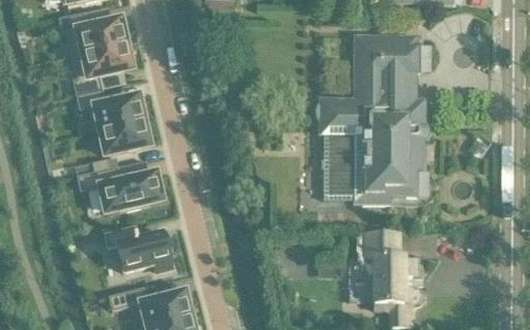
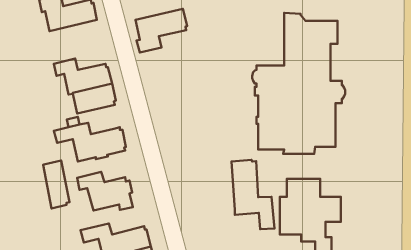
building: [71,40,134,93] -> [136,9,187,53]
building: none -> [231,160,274,229]
building: none -> [43,161,70,208]

